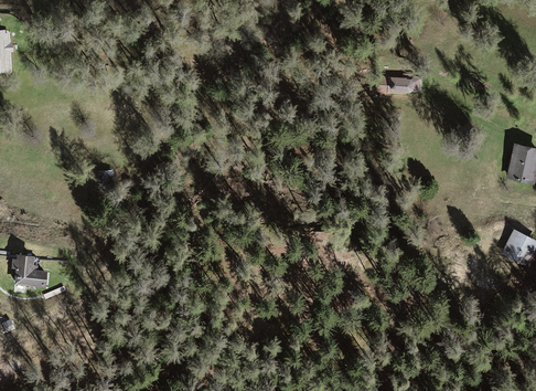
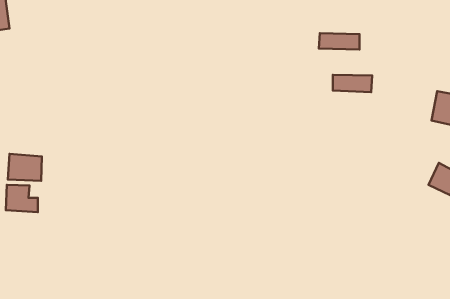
building: none -> [333,75,372,92]
building: none -> [8,154,42,181]

